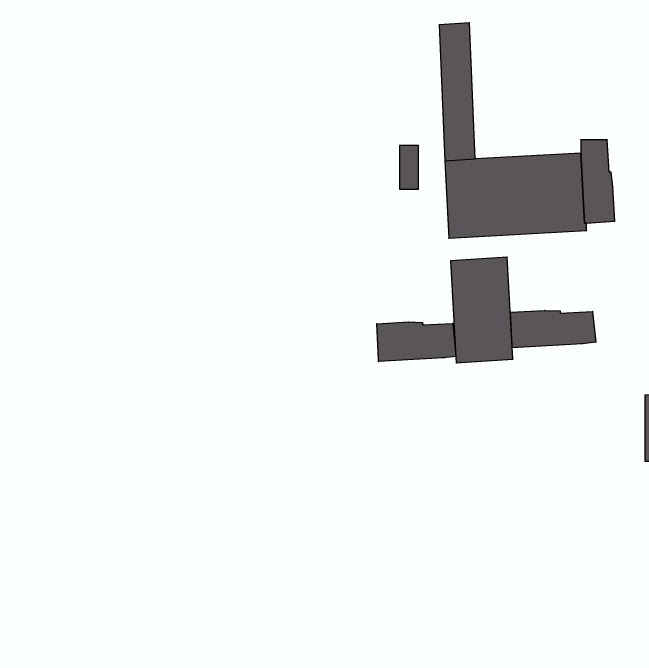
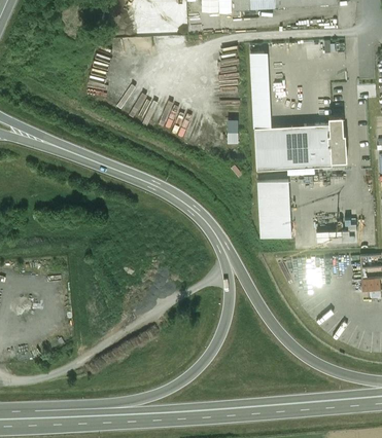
building: [511,310,596,348] -> none
building: [377,322,456,362] -> none

